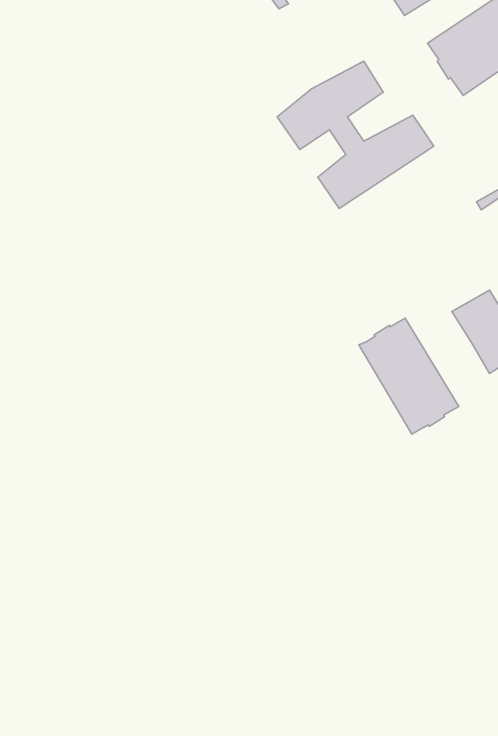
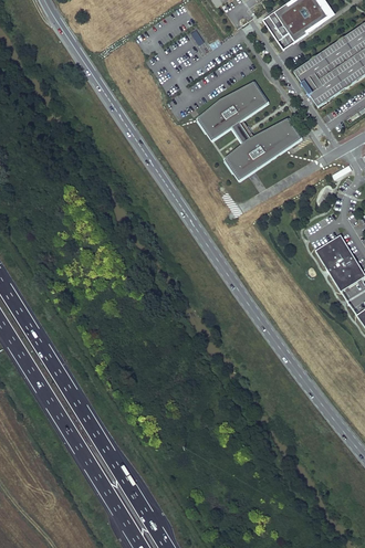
building: [359,318,459,434] -> none

